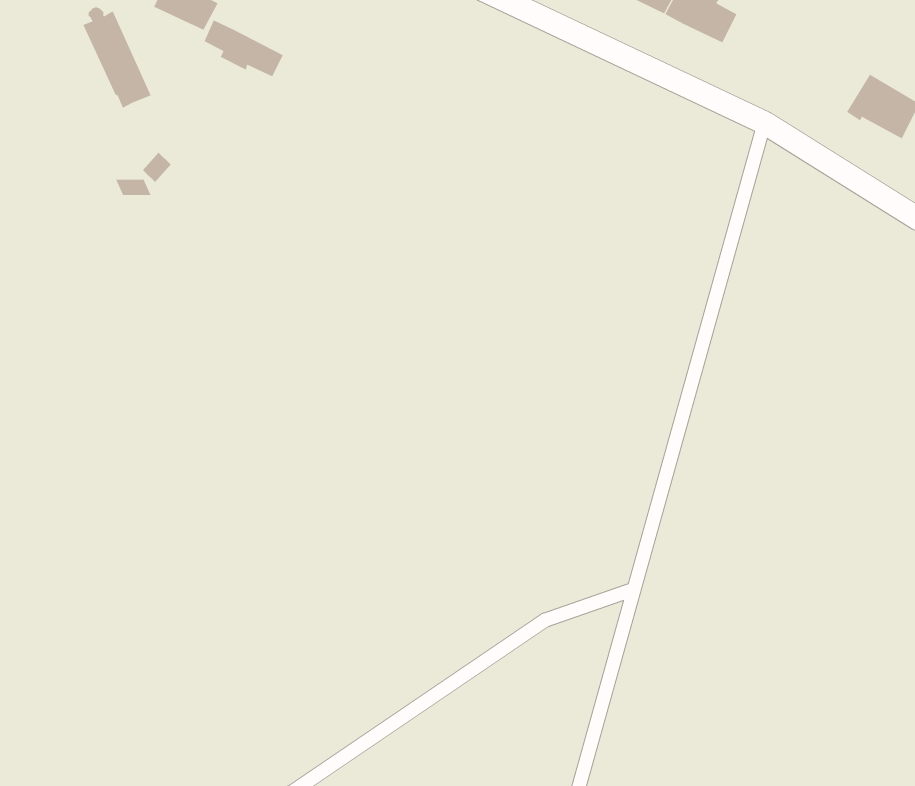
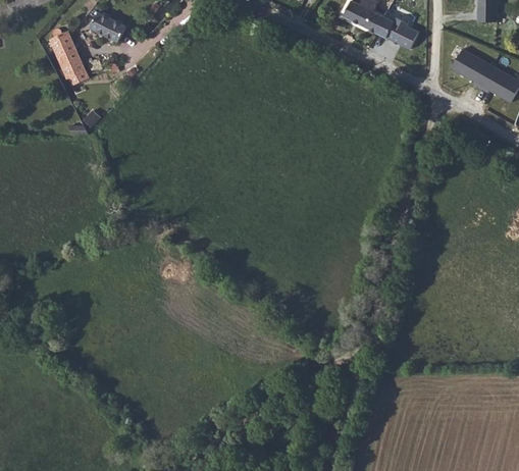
building: [204,20,284,77] -> none
building: none -> [451,48,491,87]

